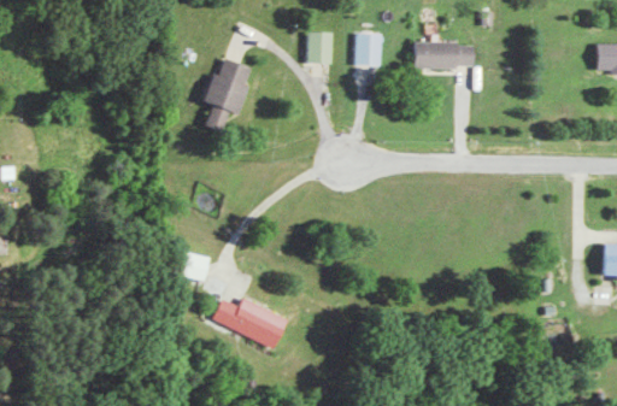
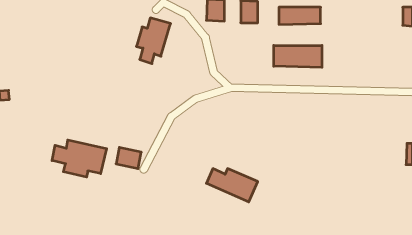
building: none -> [274,45,322,67]
building: none -> [52,140,107,177]
building: [211,299,287,348] -> [206,169,258,202]

